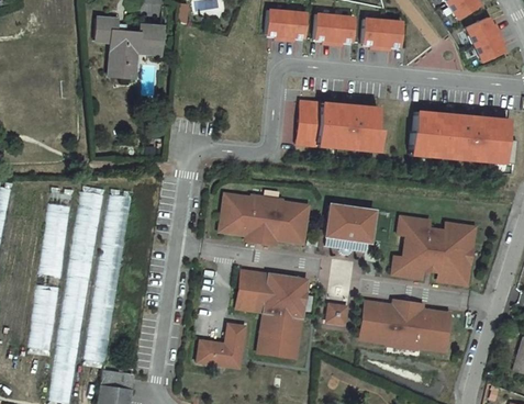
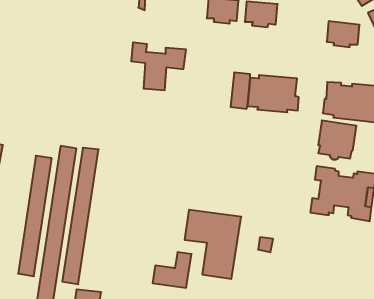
building: [360,16,401,48] -> [327,21,360,47]
building: [94,19,163,78] -> [131,42,186,90]
building: [221,193,309,243] -> none
building: [326,204,374,252] -> [318,120,356,159]
building: [361,301,449,350] -> none

